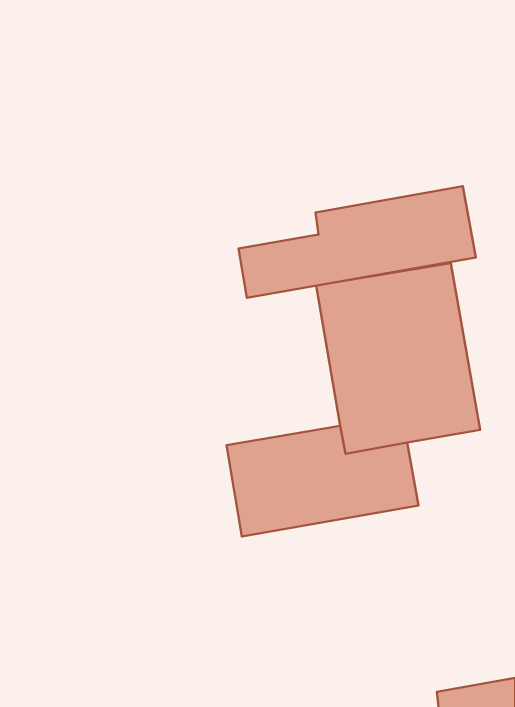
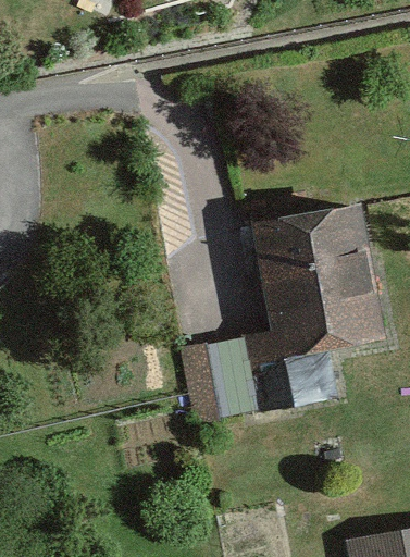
building: [238,186,476,298] -> none

